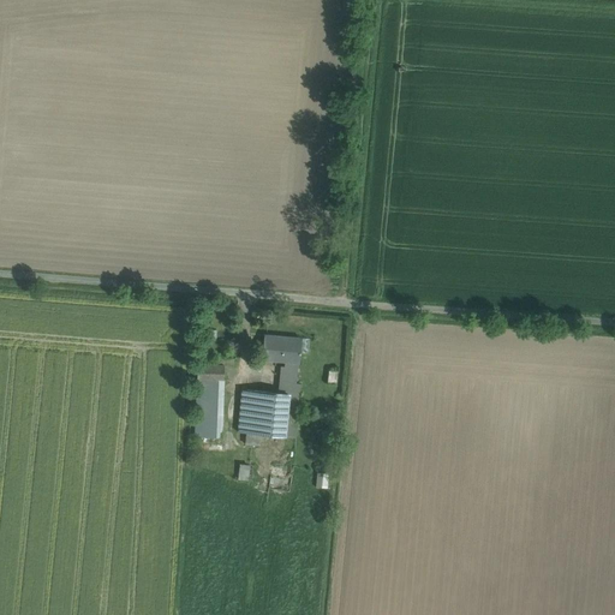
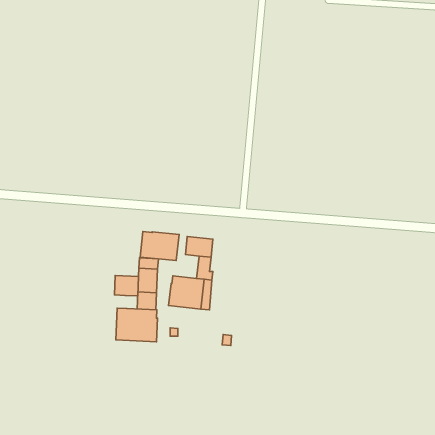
building: none -> [140,232,179,261]
building: none -> [114,276,138,296]
building: none -> [116,308,158,342]

